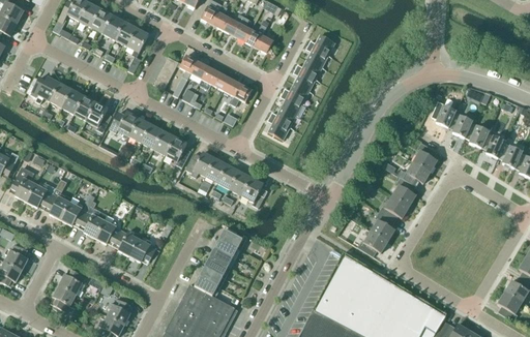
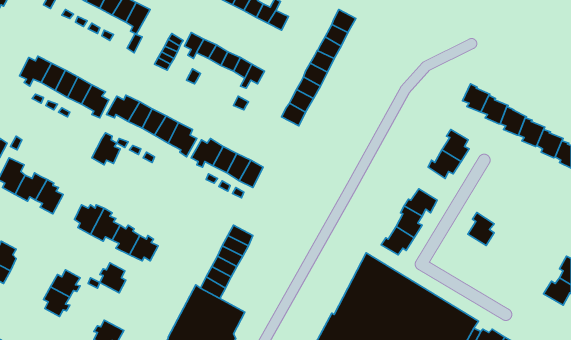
building: [241,177,267,208] -> none
building: [391,177,415,207] -> [468,212,494,245]
building: [60,196,86,225] -> [92,133,120,165]
building: [497,292,522,321] -> none
building: [107,298,130,325] -> [100,263,126,293]

